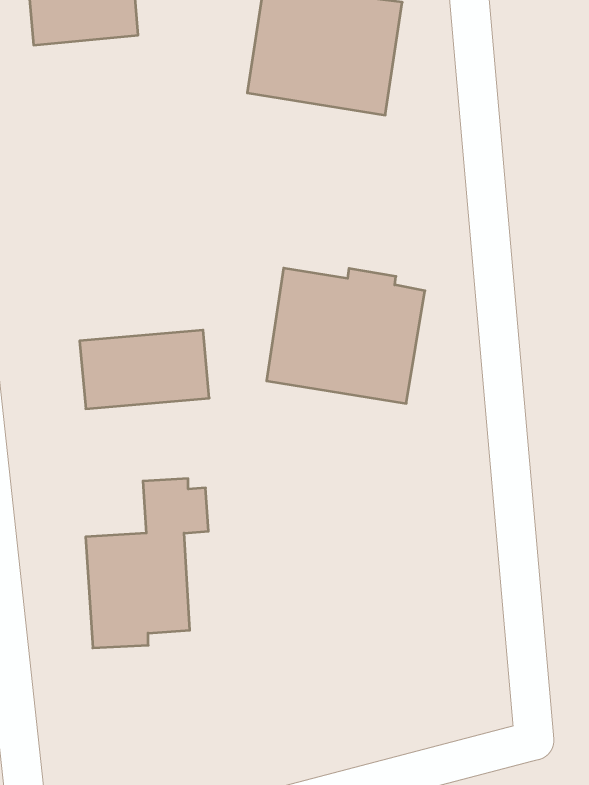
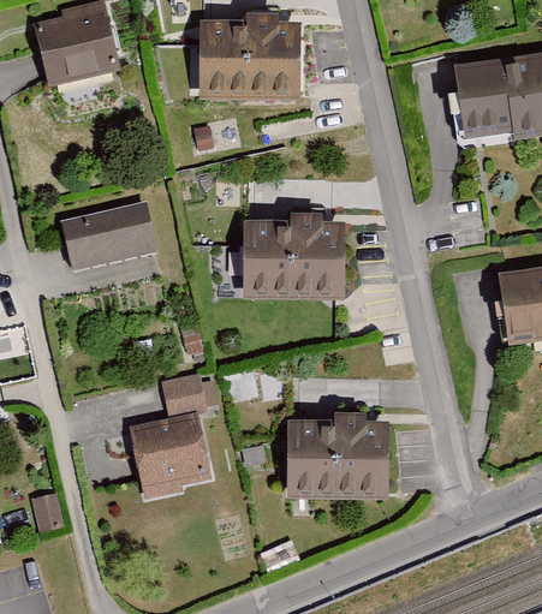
building: [80,330,209,409] -> [60,203,156,269]
building: none -> [288,409,387,501]

